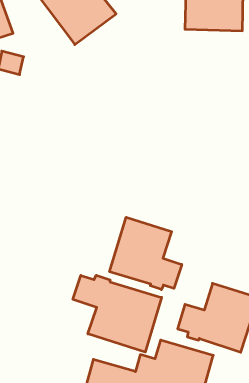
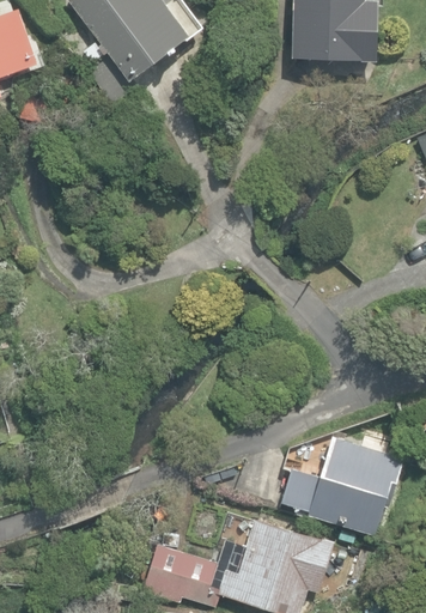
building: [110,217,182,290] -> none
building: [73,275,162,352] -> none

